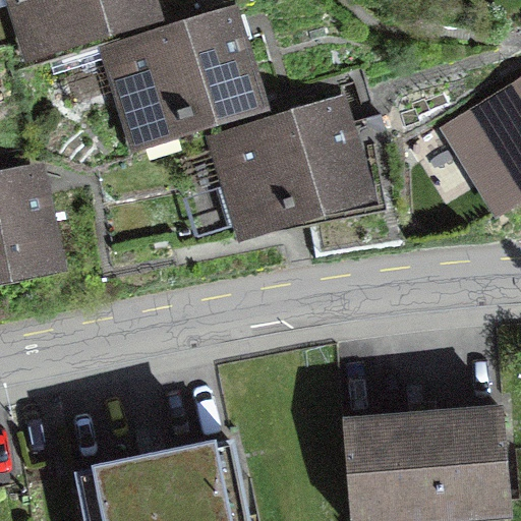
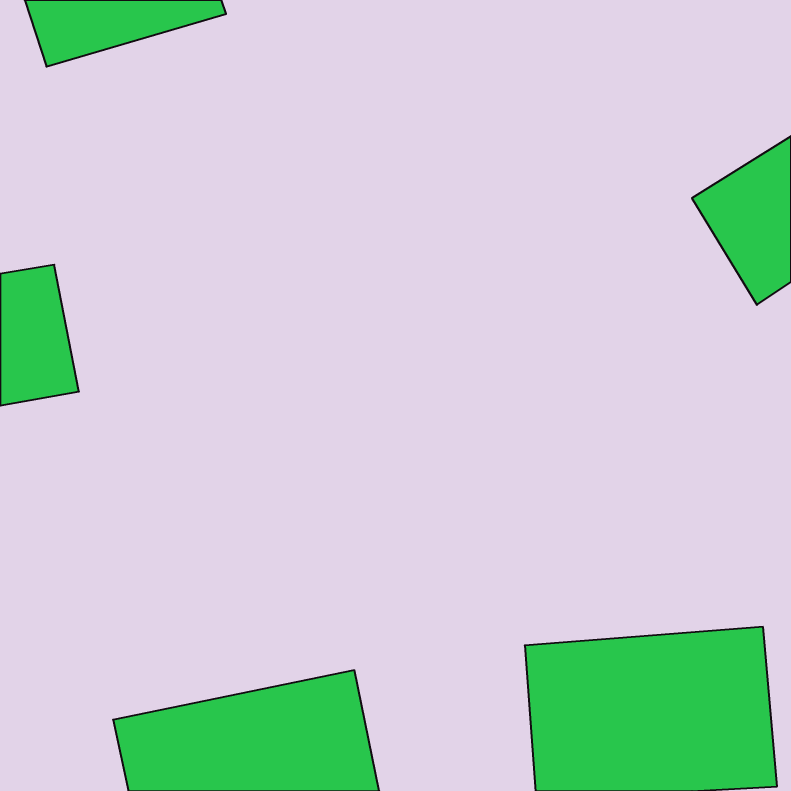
building: [113,16,254,133] -> none
building: [220,106,361,223] -> none

